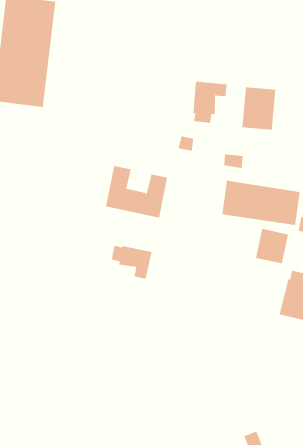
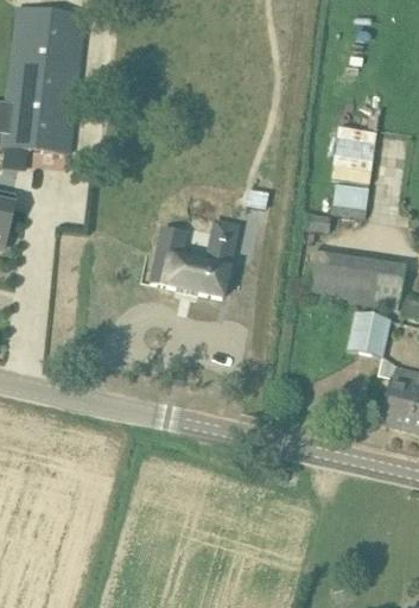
building: [193,81,227,123] -> none
building: none -> [331,183,369,217]
building: [111,245,152,279] -> none

